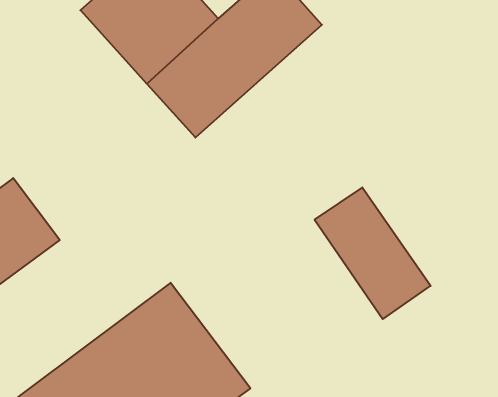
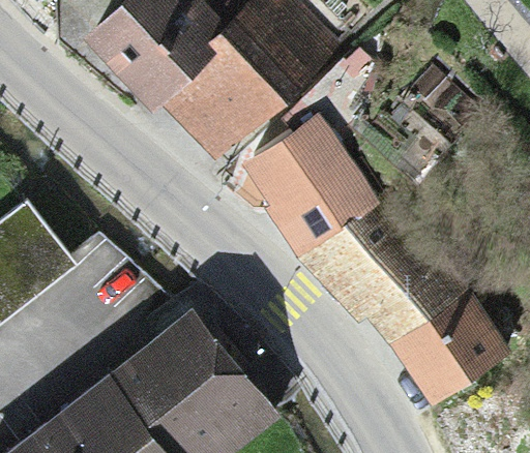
building: none -> [259,128,365,246]
building: none -> [398,300,508,409]

